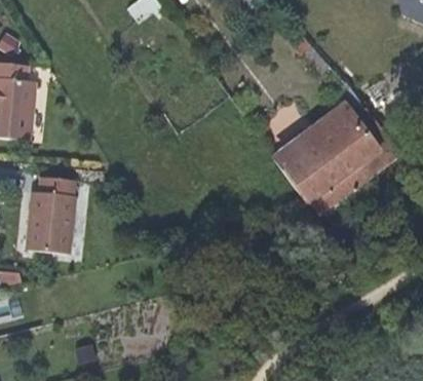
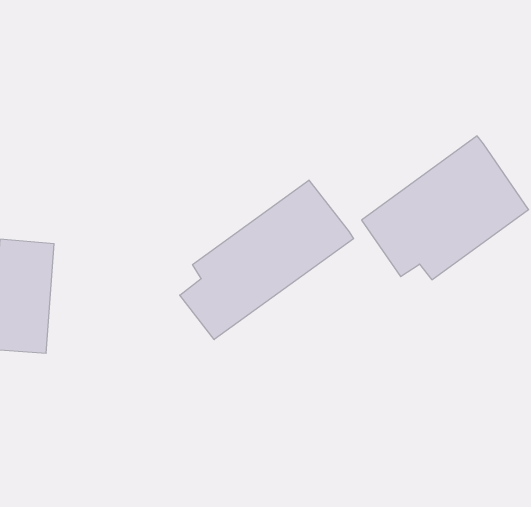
building: none -> [180,180,354,340]

